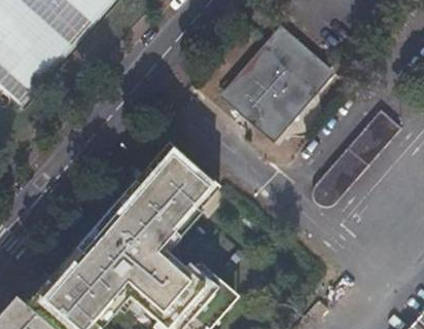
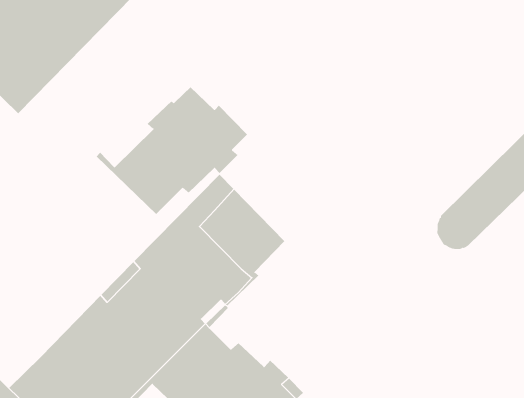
building: [222,30,330,136] -> none
building: none -> [96,87,248,215]

